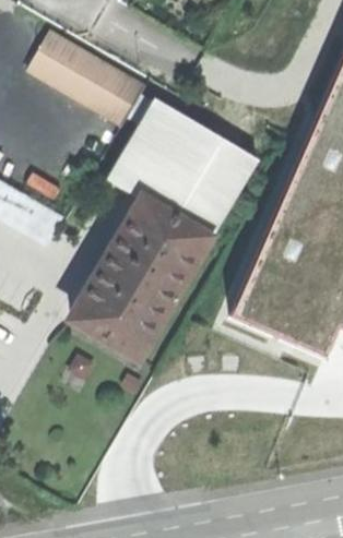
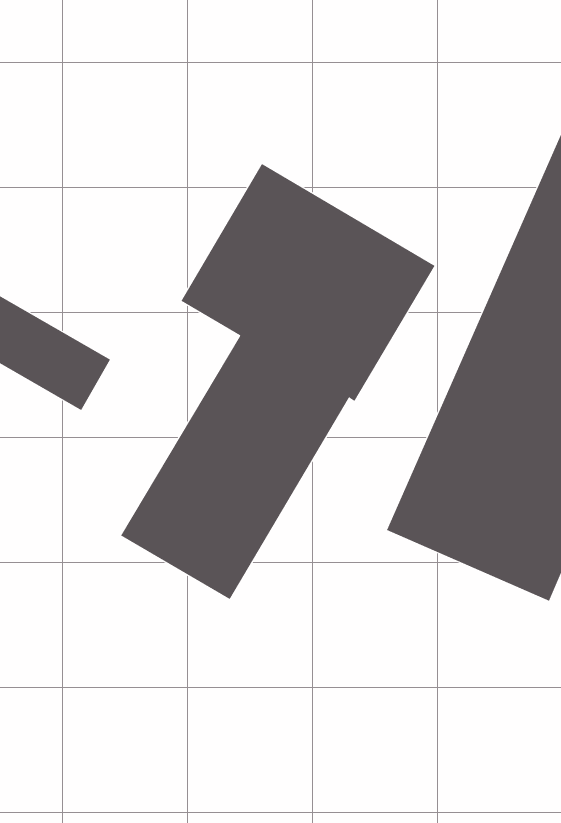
building: [29,34,147,127] -> none

